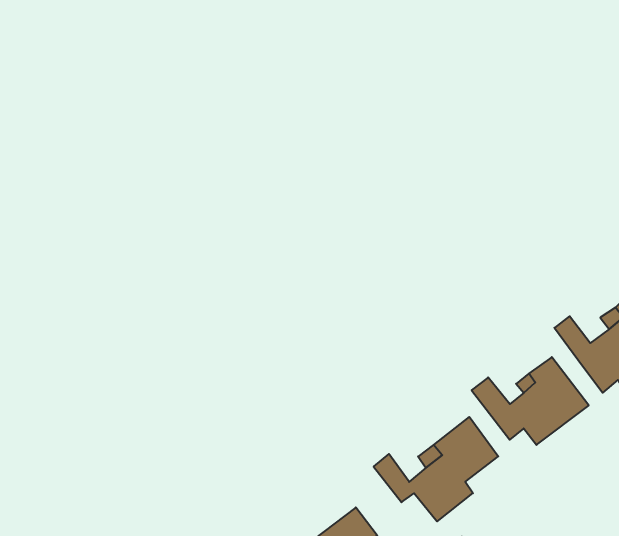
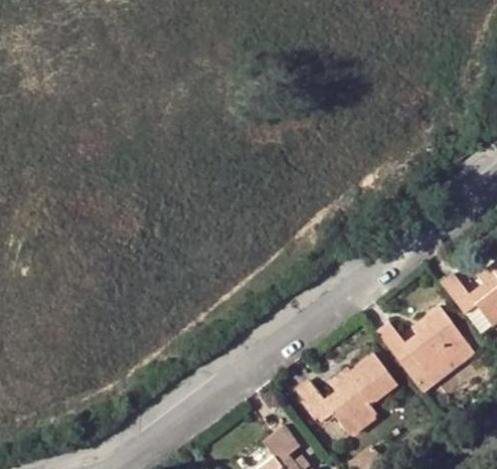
building: none -> [406,344,474,393]

